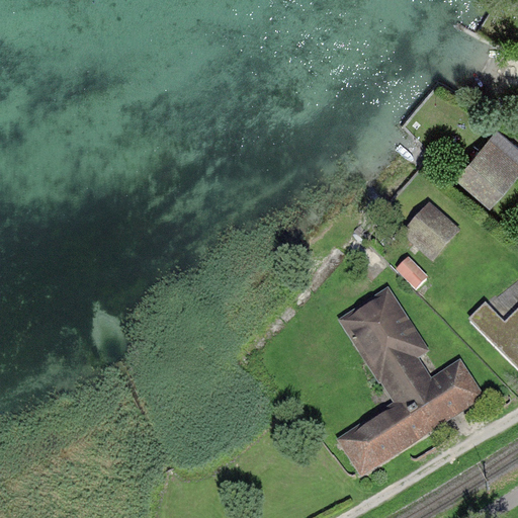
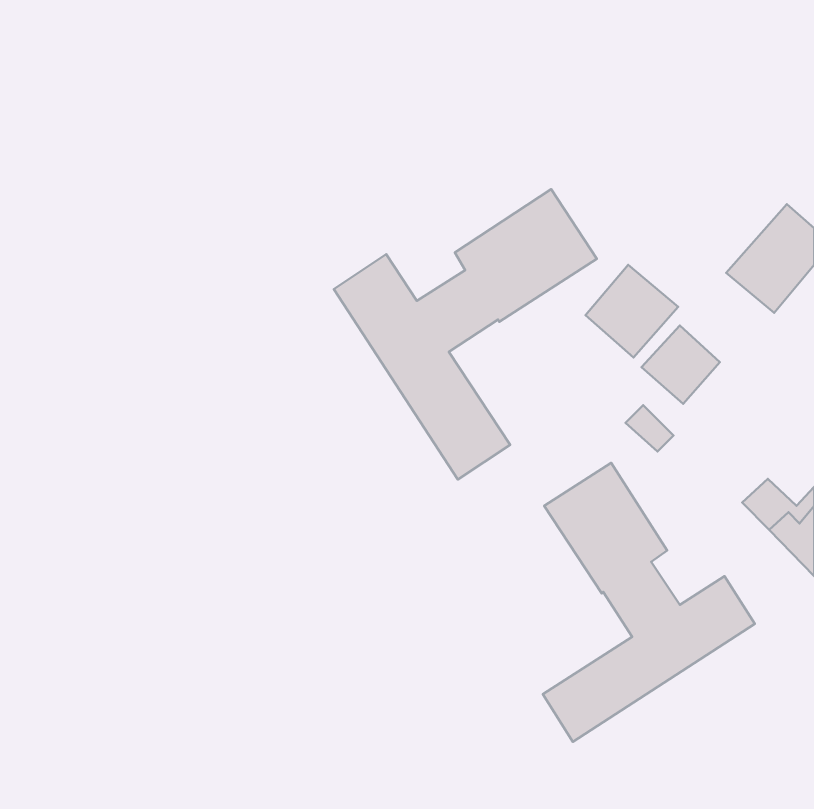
building: none -> [334,189,597,480]
building: none -> [586,265,678,357]

